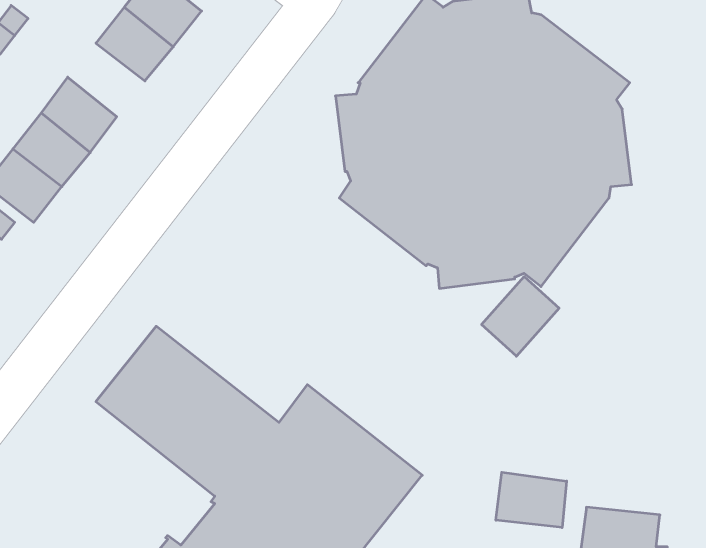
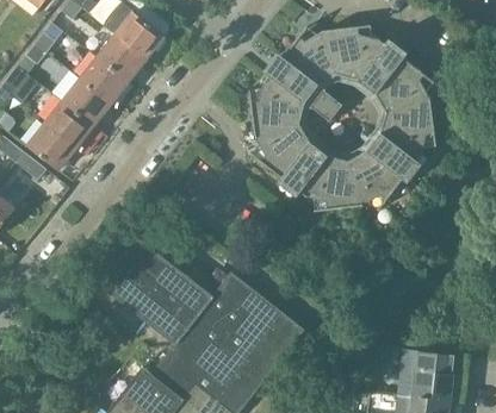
building: none -> [79,57,128,104]
building: [482,277,559,356] -> none
building: [496,472,567,528] -> none

